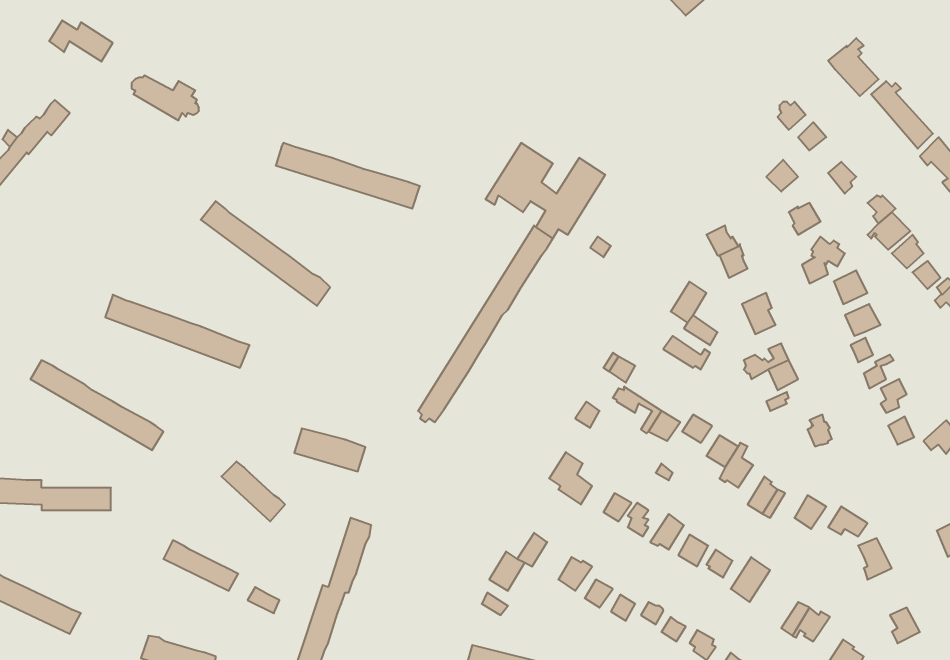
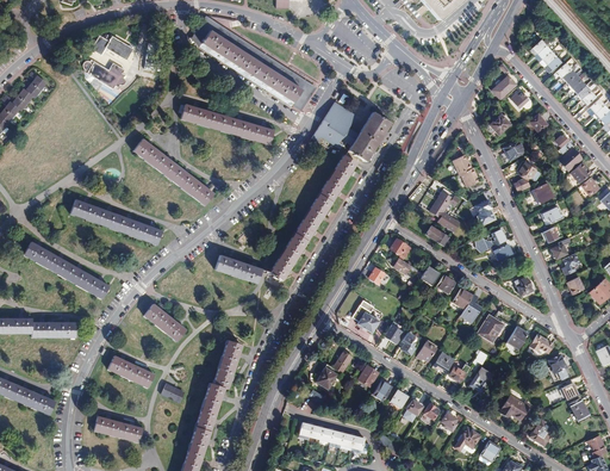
building: none -> [192,18,311,111]
building: [49,20,113,62] -> [94,36,135,62]
building: [294,428,365,471] -> [218,254,263,281]

